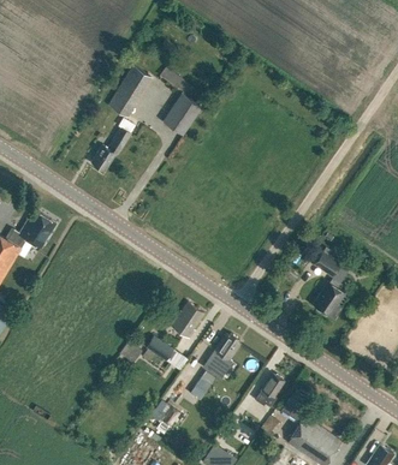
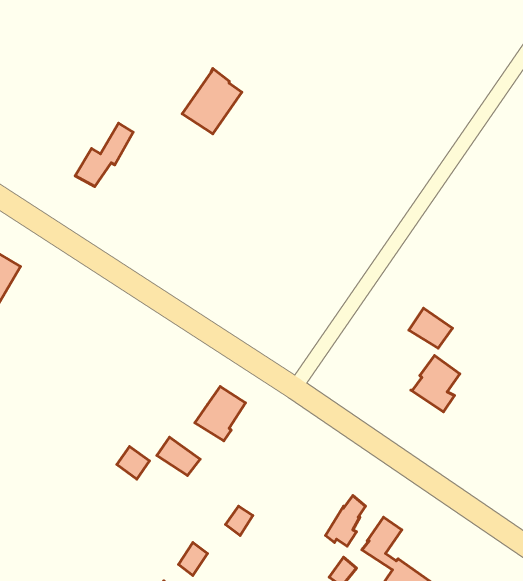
building: [107,65,152,117] -> none
building: [206,333,240,376] -> none

